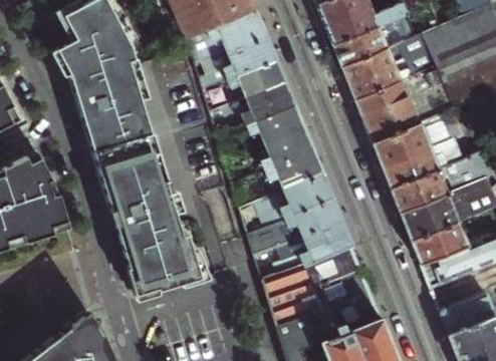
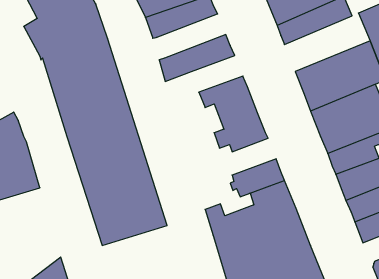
building: [341,33,437,98] -> none
building: [199,34,276,83] -> none
building: [238,80,295,121] -> none
building: [246,172,332,252] -> none

